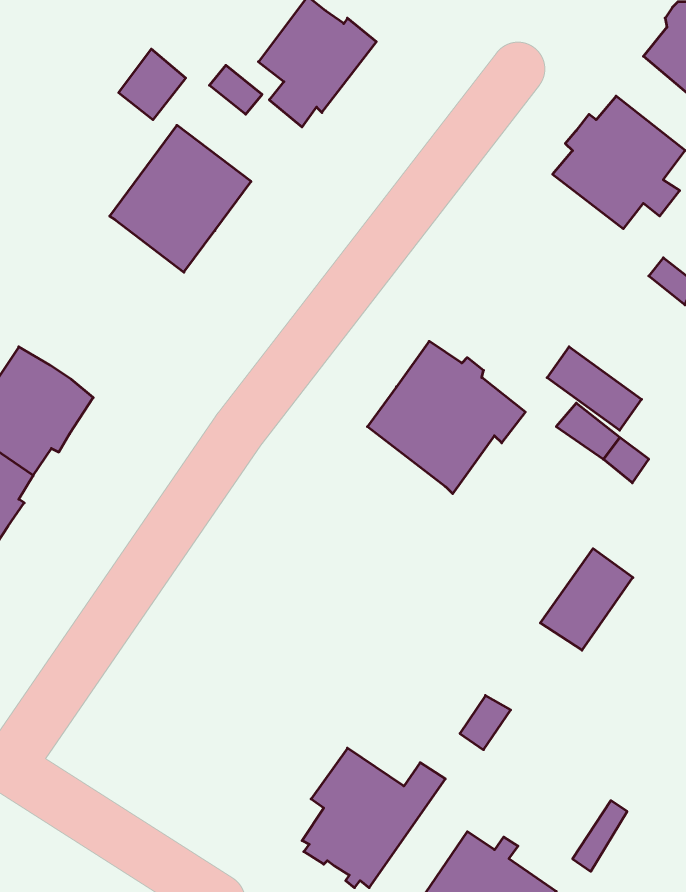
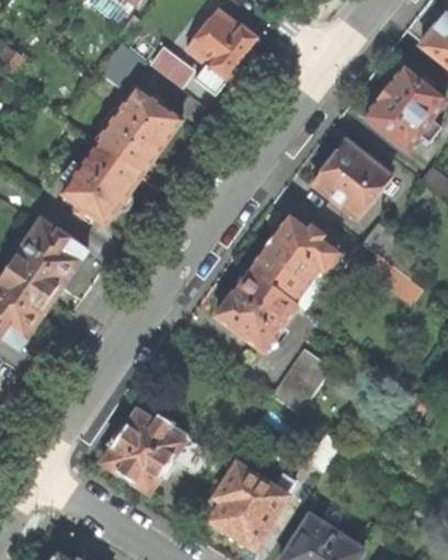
building: none -> [312,141,387,218]
building: none -> [61,144,140,225]
building: none -> [215,268,298,353]
building: [540,549,633,650] -> [272,344,328,405]
building: none -> [102,410,216,493]

